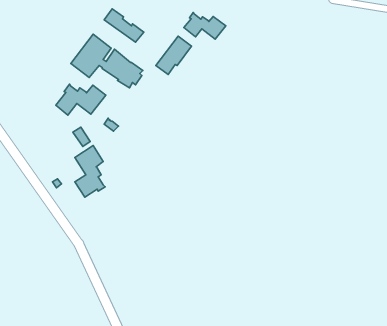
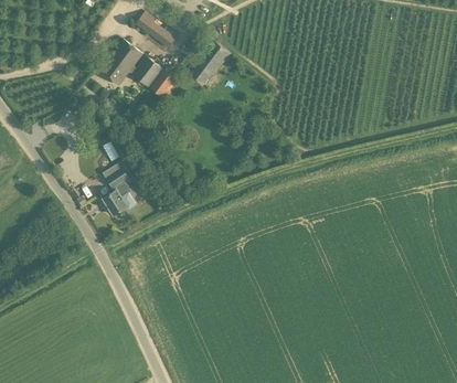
building: [184,13,226,39] -> none
building: [56,84,106,115] -> none

